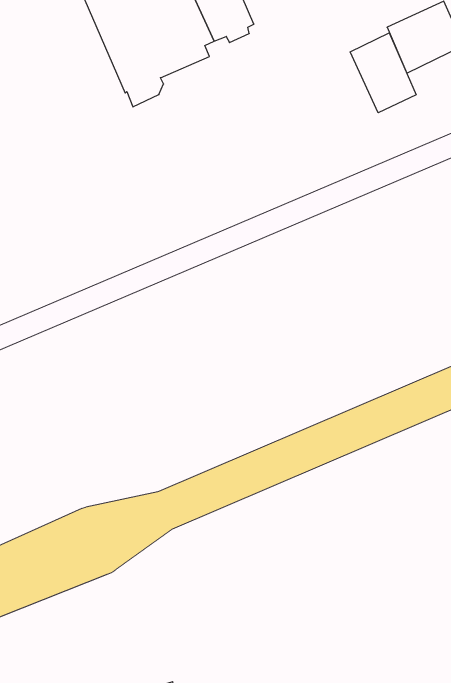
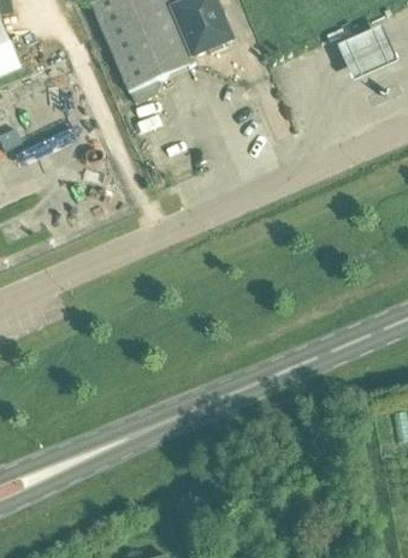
building: [350,33,416,113] -> none

